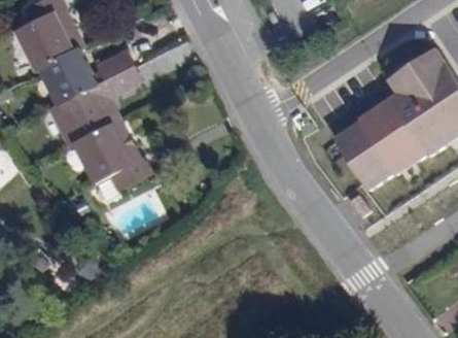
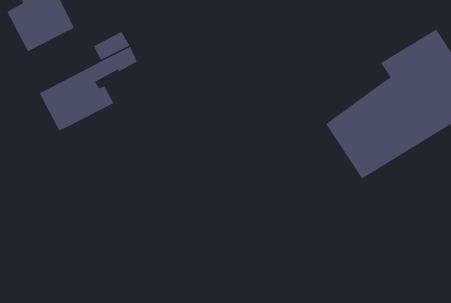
building: [41,52,93,106] -> none
building: [76,122,151,190] -> none

